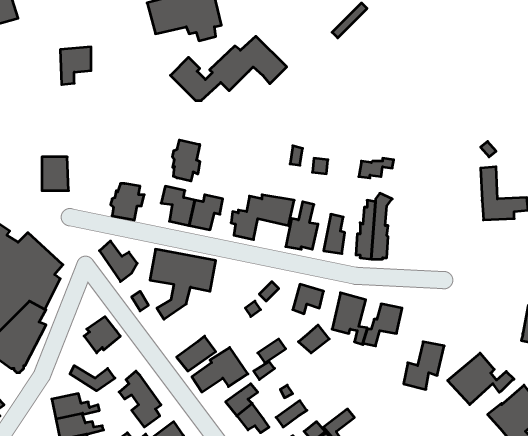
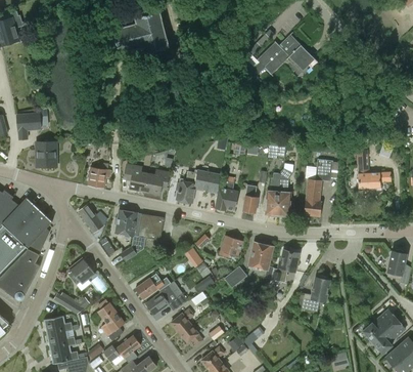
building: [170,36,287,101] -> [228,35,313,82]
building: [60,47,91,85] -> [18,113,41,140]
building: [173,140,200,181] -> none
building: none -> [304,159,332,216]
building: [448,353,514,405] -> none

